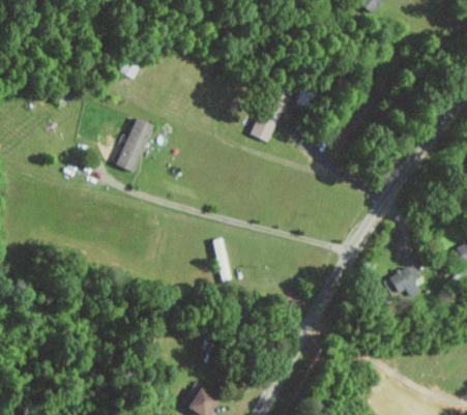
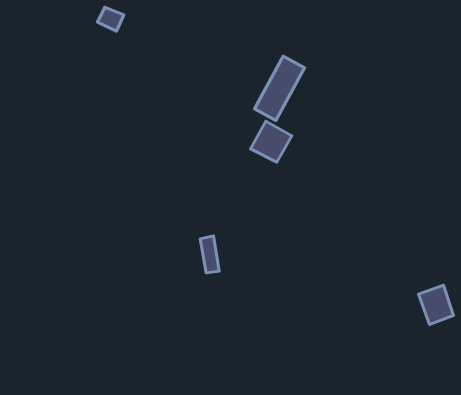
building: [116,117,153,172] -> none
building: none -> [251,121,292,162]

